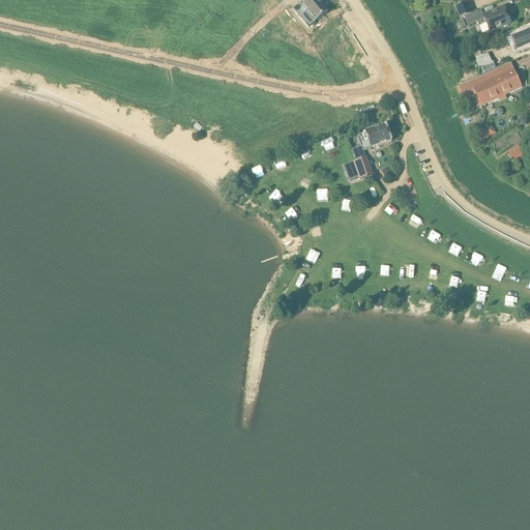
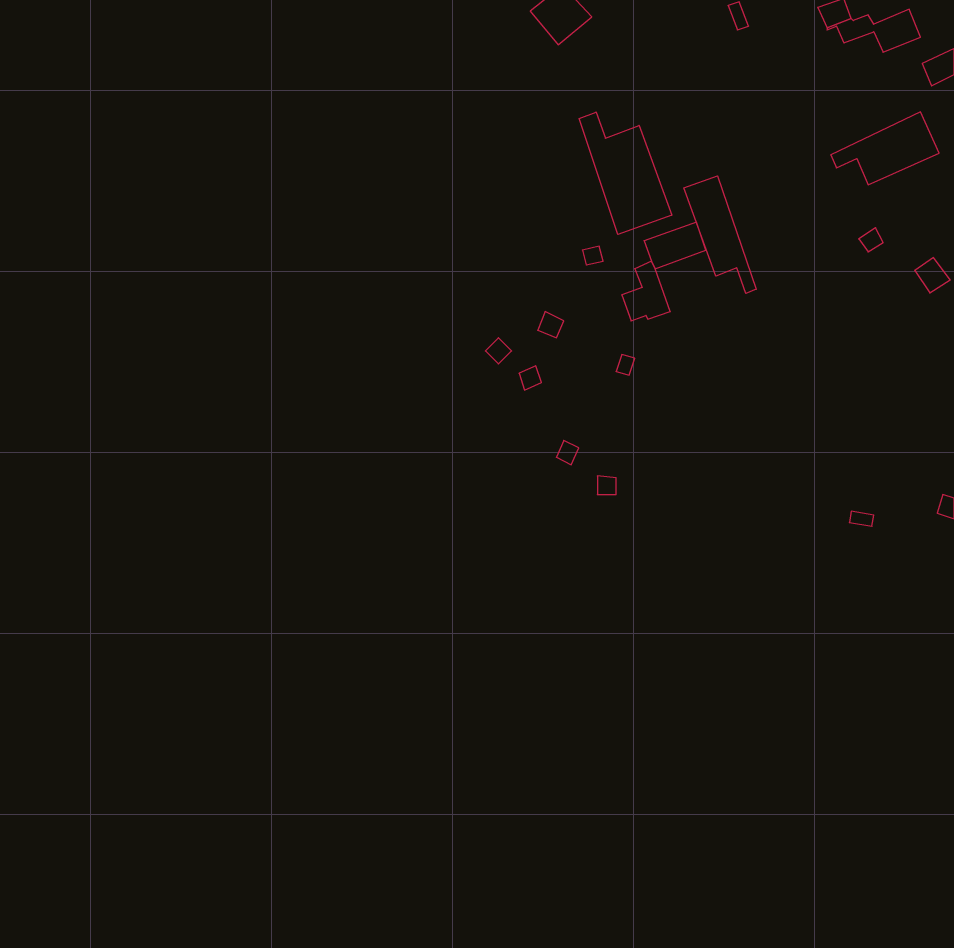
building: none -> [579,112,672,234]
building: none -> [684,176,756,293]

